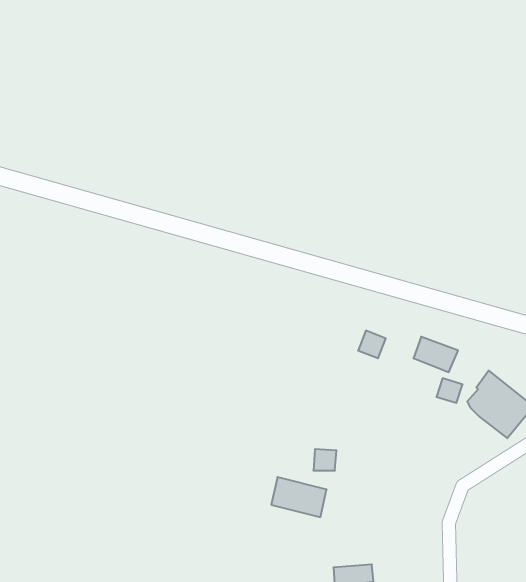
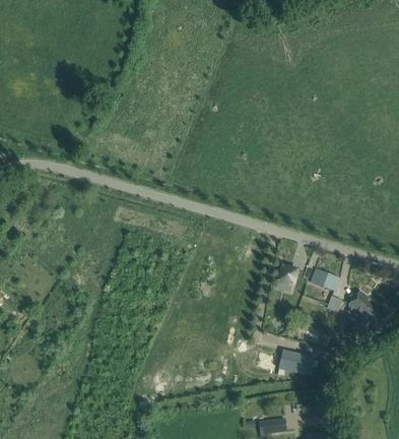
building: [271,477,327,517] -> [279,350,316,376]

